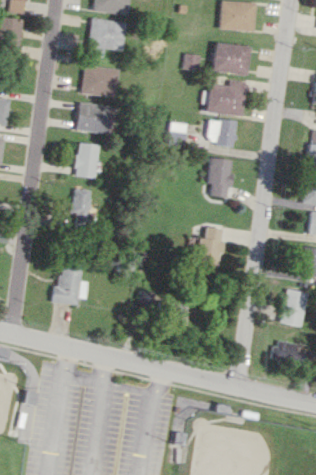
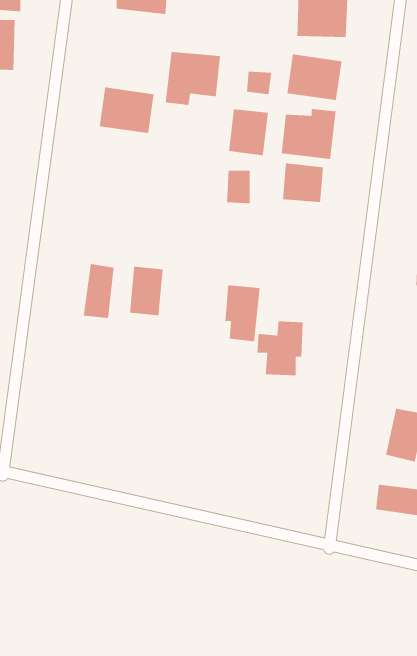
building: [86,19,125,57] -> [165,51,221,106]
building: none -> [228,109,269,156]
building: [75,101,113,135] -> none
building: [75,143,99,178] -> [129,266,163,316]
building: [207,158,232,198] -> [225,285,260,342]
building: [55,263,88,305] -> none

